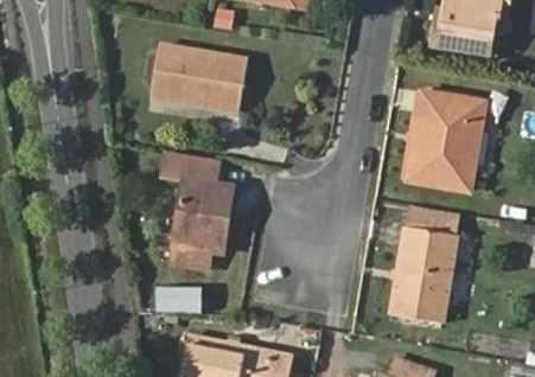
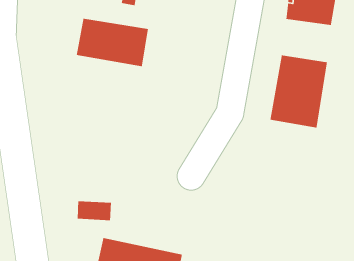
building: [161,149,234,267] -> none
building: [388,226,454,322] -> none

